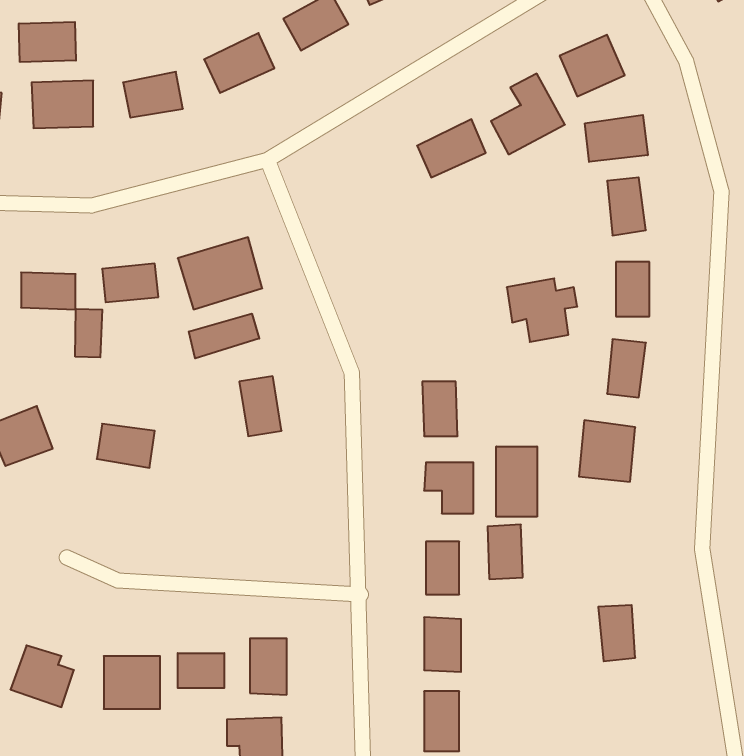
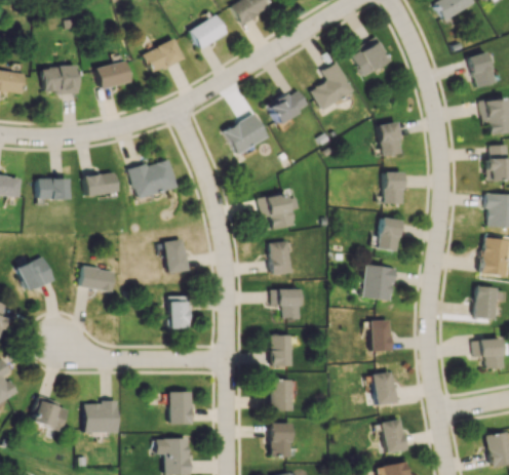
building: [19,22,76,62] -> none
building: [585,115,648,162] -> none
building: none -> [225,115,267,154]
building: [507,278,577,342] -> [260,193,301,230]
building: [75,309,102,357] -> none
building: [189,314,259,358] -> none
building: [496,446,537,517] -> none
building: none -> [169,296,188,329]
building: [488,525,523,579] -> [370,320,391,352]
building: [178,653,224,688] -> none
building: none -> [383,420,404,452]

